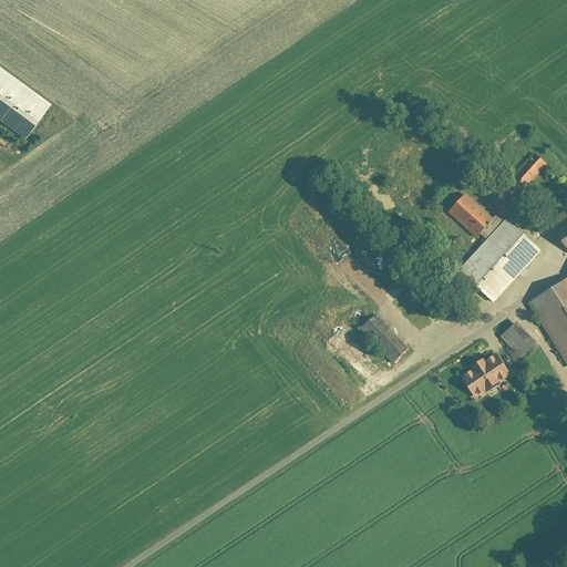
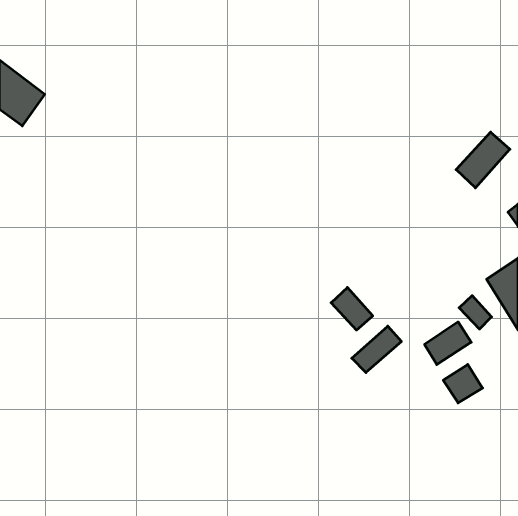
building: [440,197,540,299] -> none
building: none -> [352,326,401,373]
building: none -> [443,364,483,403]

